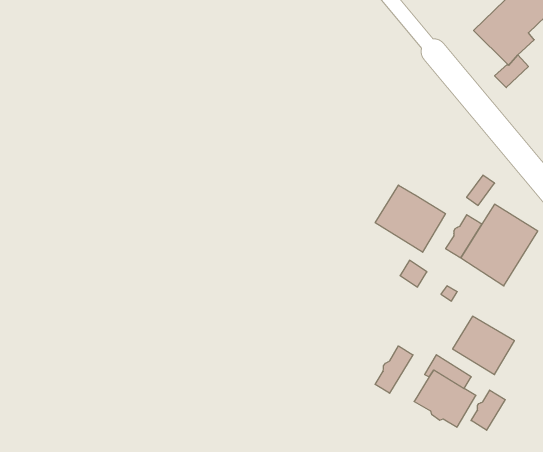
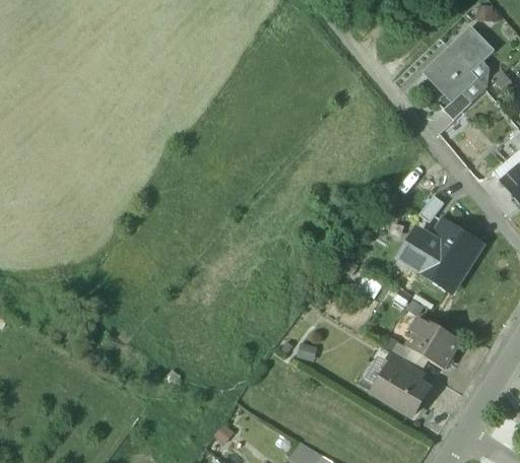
building: [375,185,445,252] -> none
building: [375,346,413,393] -> none
building: [471,390,505,430] -> none

